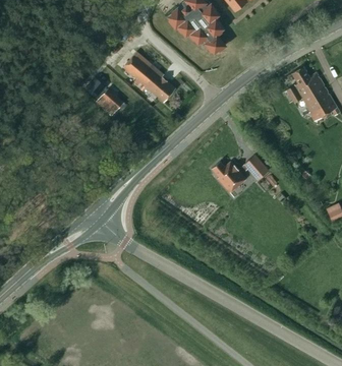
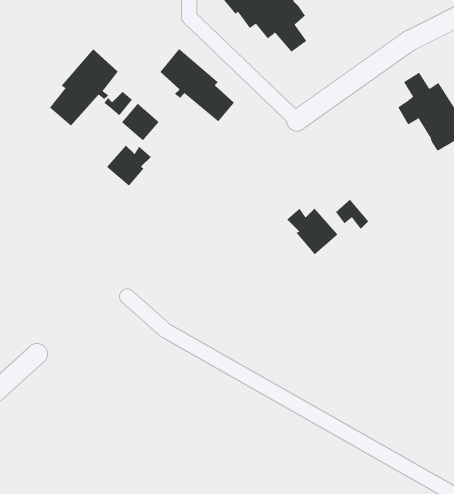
building: none -> [49,48,119,127]
building: none -> [106,145,152,187]

